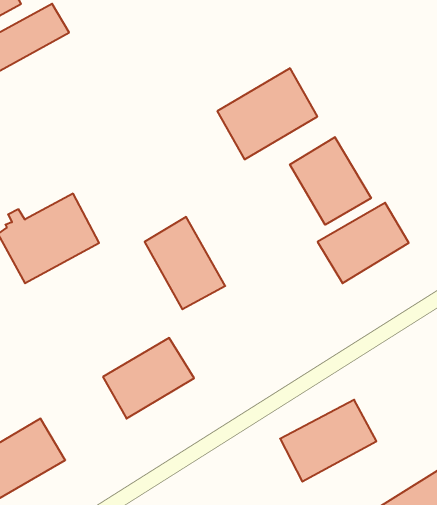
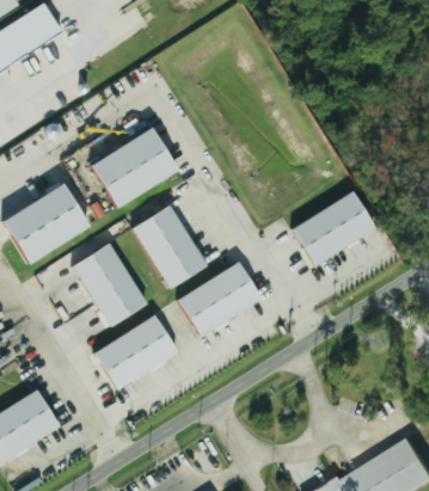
building: [217,68,317,159] -> [88,127,180,210]
building: [290,137,371,225] -> none
building: none -> [73,243,147,327]
building: [280,400,376,482] -> [174,263,263,338]

